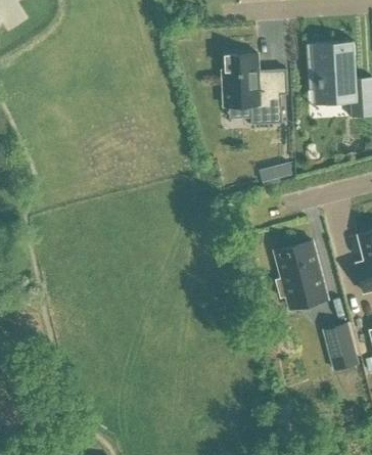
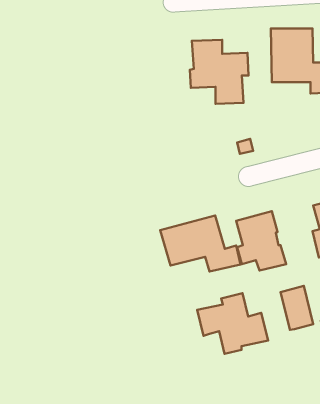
building: none -> [160,216,241,271]
building: none -> [197,293,268,354]

